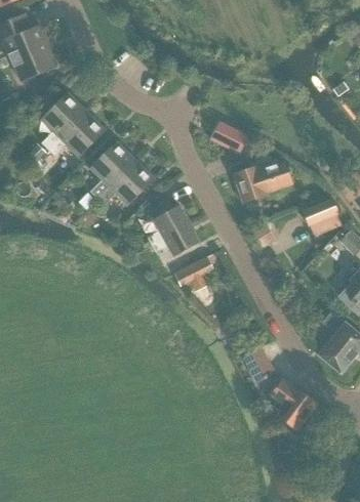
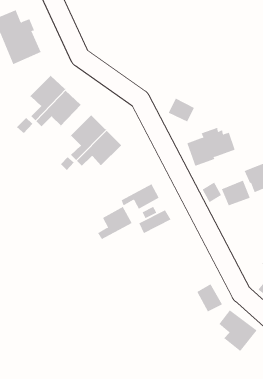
building: [148,205,191,246] -> [97,206,133,240]
building: none -> [221,180,251,206]

